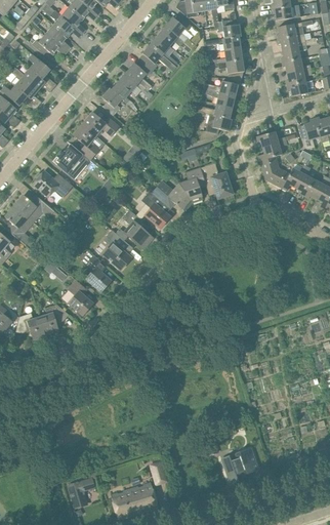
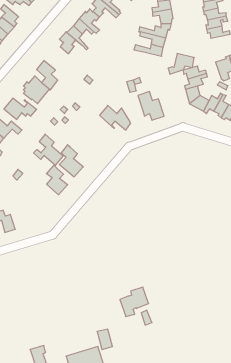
building: [82,112,119,135] -> none
building: [198,113,231,138] -> [168,54,194,74]
building: [179,167,204,202] -> none
building: [141,190,170,227] -> none
building: [115,208,152,247] -> [34,134,63,165]
building: [68,279,93,315] -> none
building: [40,304,69,334] -> none
building: [222,447,258,484] -> [120,287,149,317]

